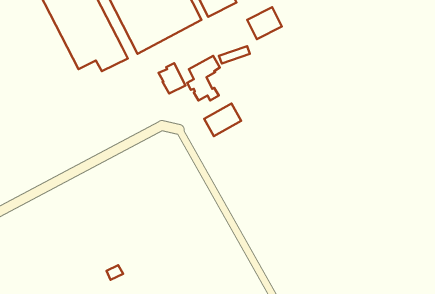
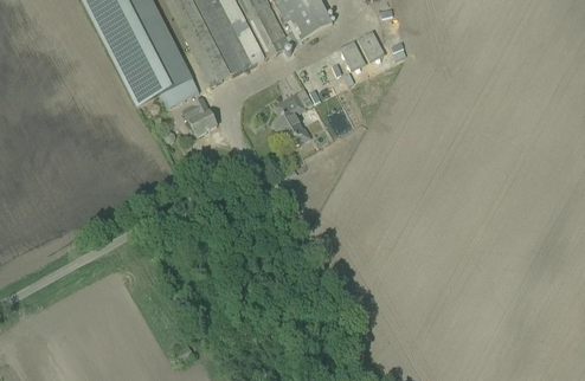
building: [159,63,186,93] -> [182,97,216,134]
building: [204,104,241,136] -> none

